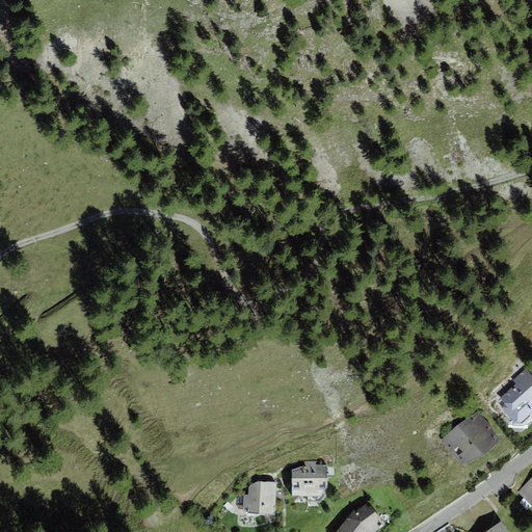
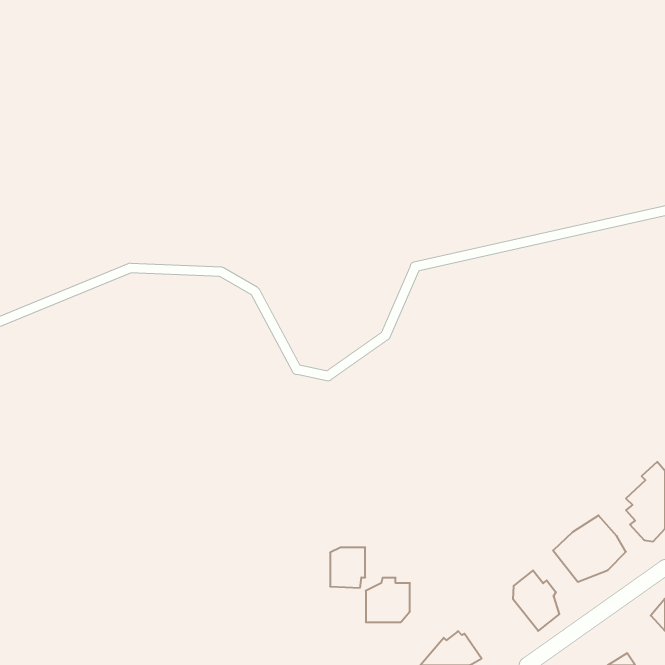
building: none -> [513,570,559,631]
building: [248,482,276,514] -> [330,547,365,588]

